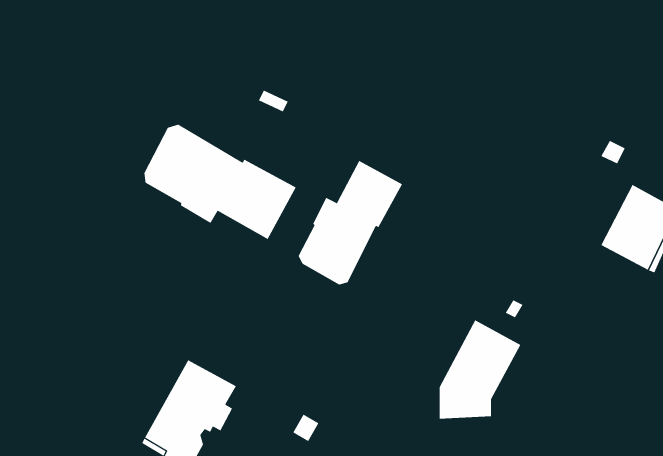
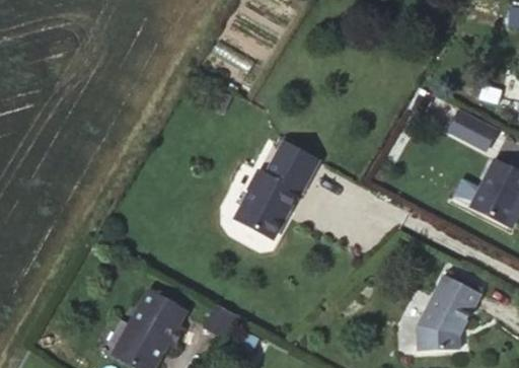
building: [144,124,296,240] -> none
building: [439,319,521,419] -> [418,274,480,350]

